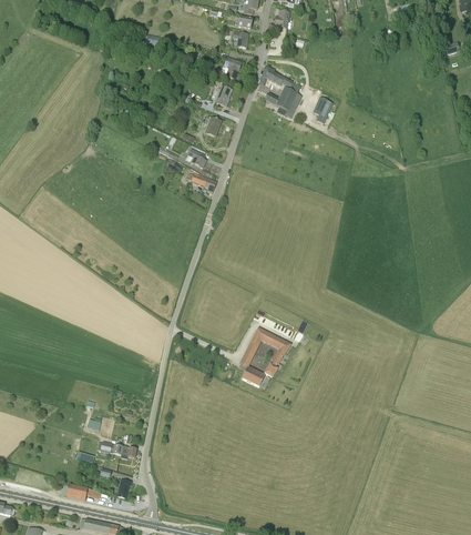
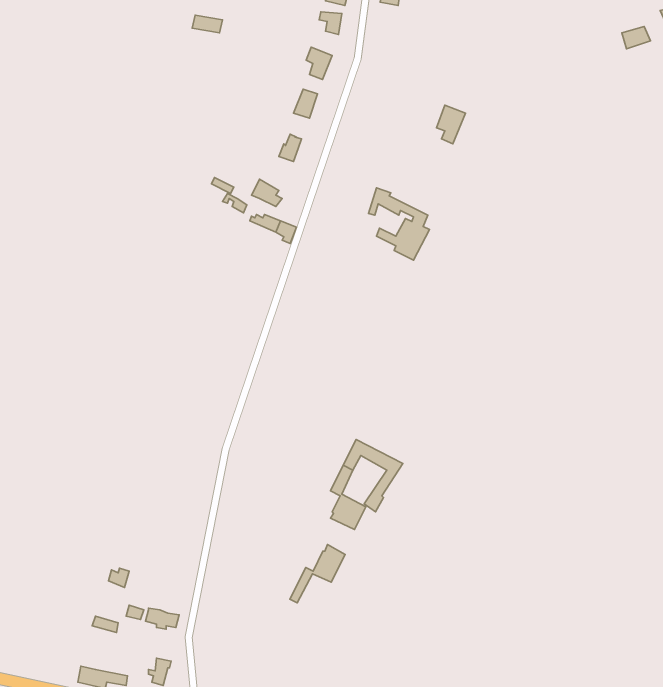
building: [259,67,301,117] -> [368,188,430,260]
building: none -> [290,545,345,603]

